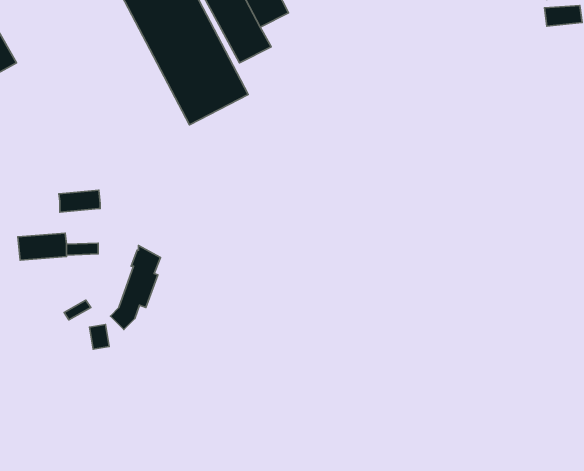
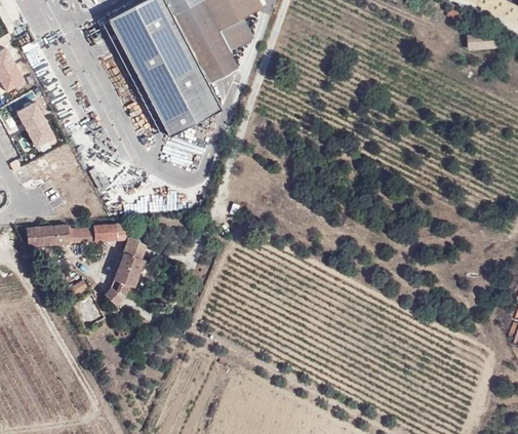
building: none -> [17,104,55,149]
building: [59,190,100,212] -> [92,224,127,242]

